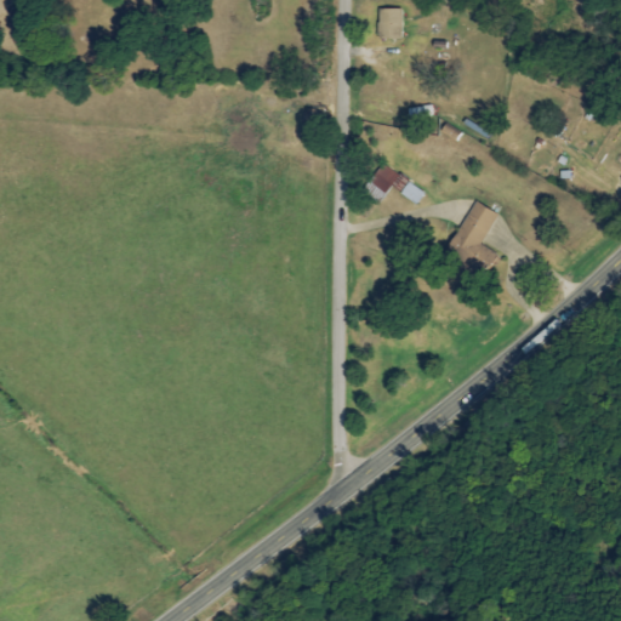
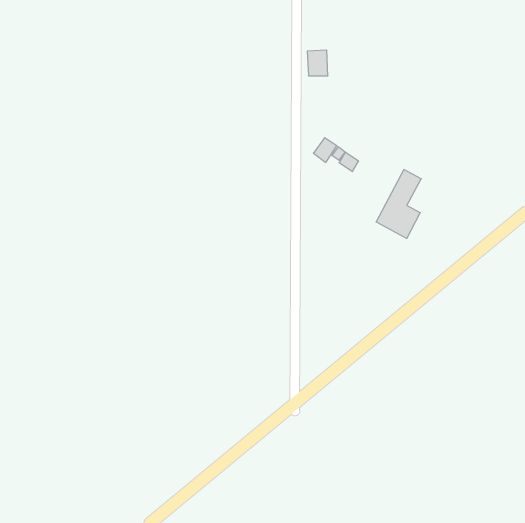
building: [378,6,403,36] -> [307,50,328,76]

